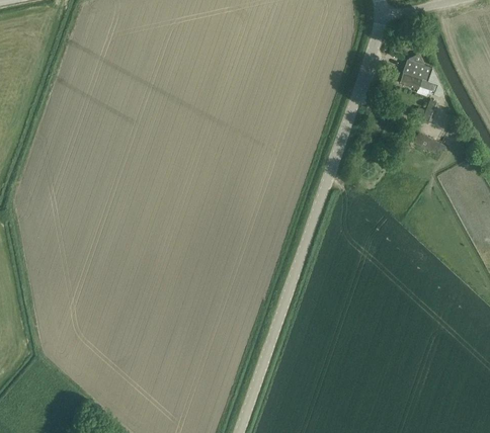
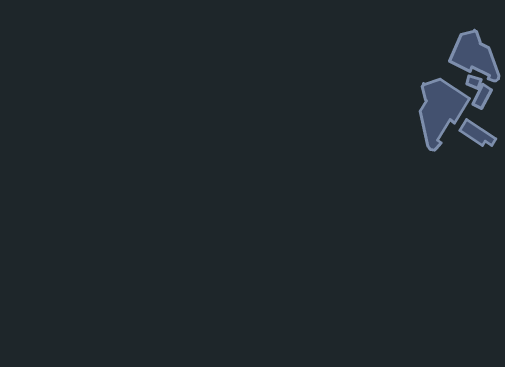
building: none -> [420,79,470,150]

